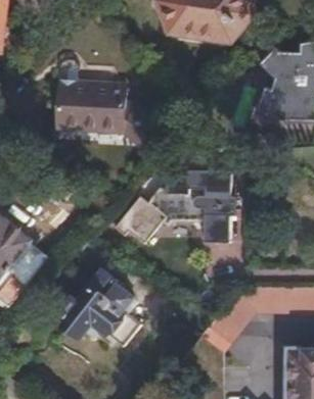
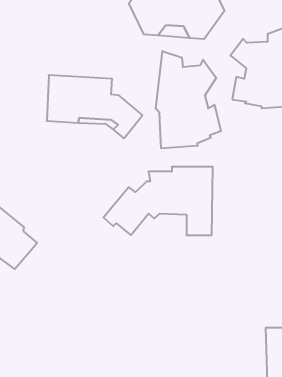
building: none -> [156,51,221,148]
building: [61,269,142,347] -> none

